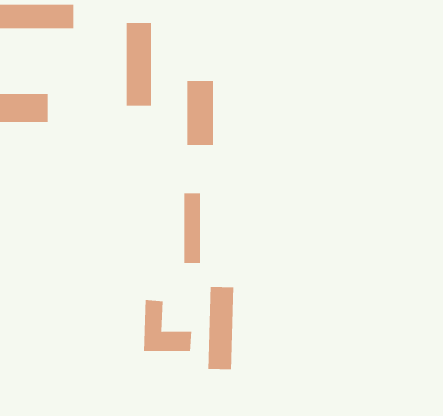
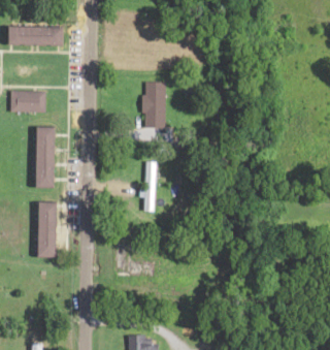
building: [126,23,152,106] -> [37,128,56,188]
building: none -> [39,203,58,258]
building: [208,286,234,370] -> none

